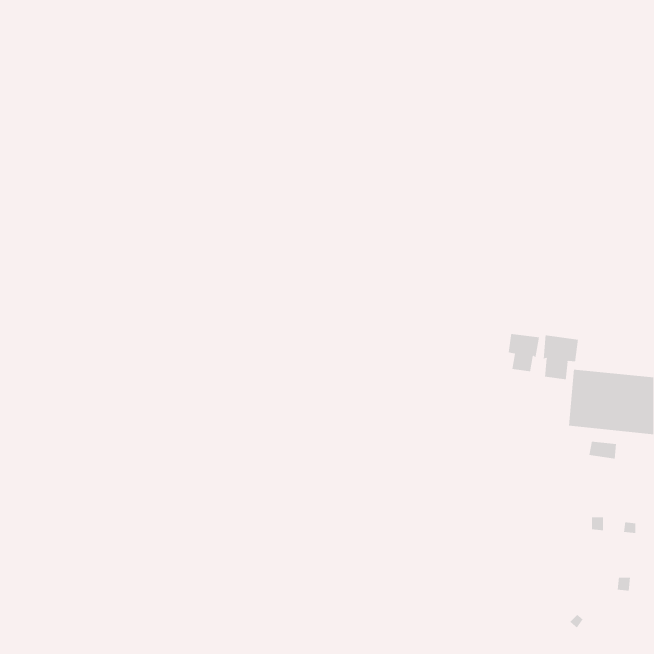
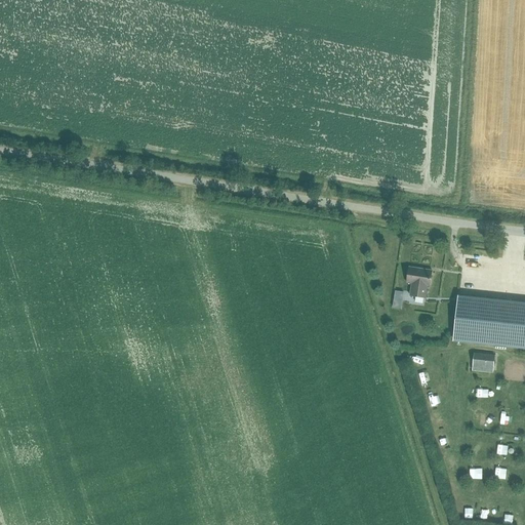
building: [543,335,578,380] -> none

